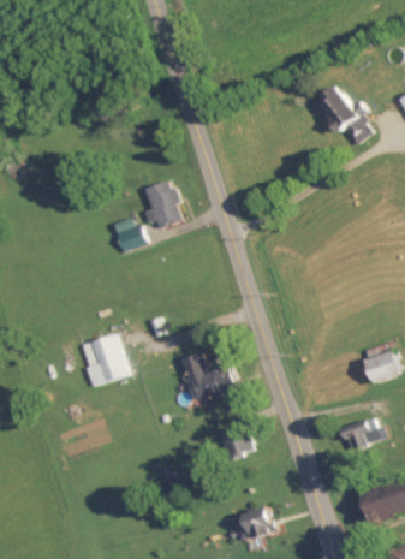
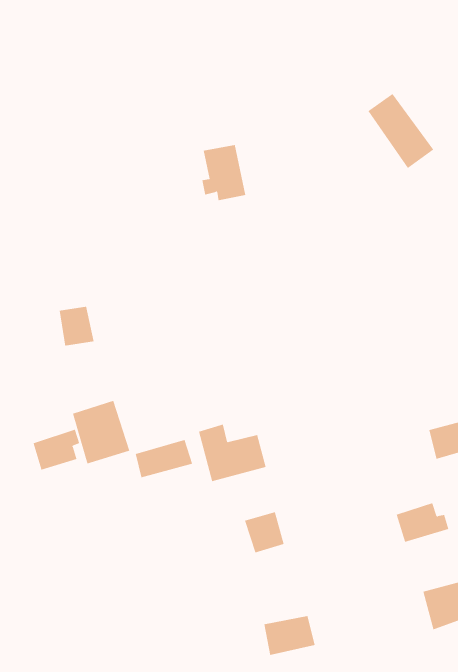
building: [144,182,180,227] -> [201,145,246,201]
building: [114,218,143,250] -> [59,306,94,346]
building: none -> [33,429,80,470]
building: none -> [135,439,193,478]

